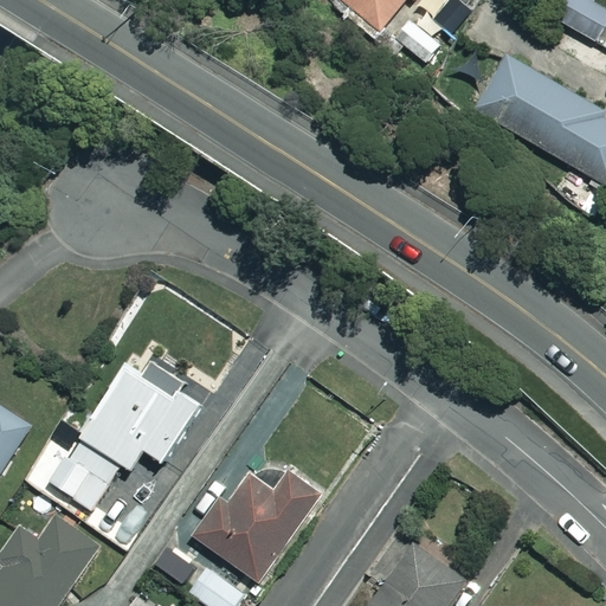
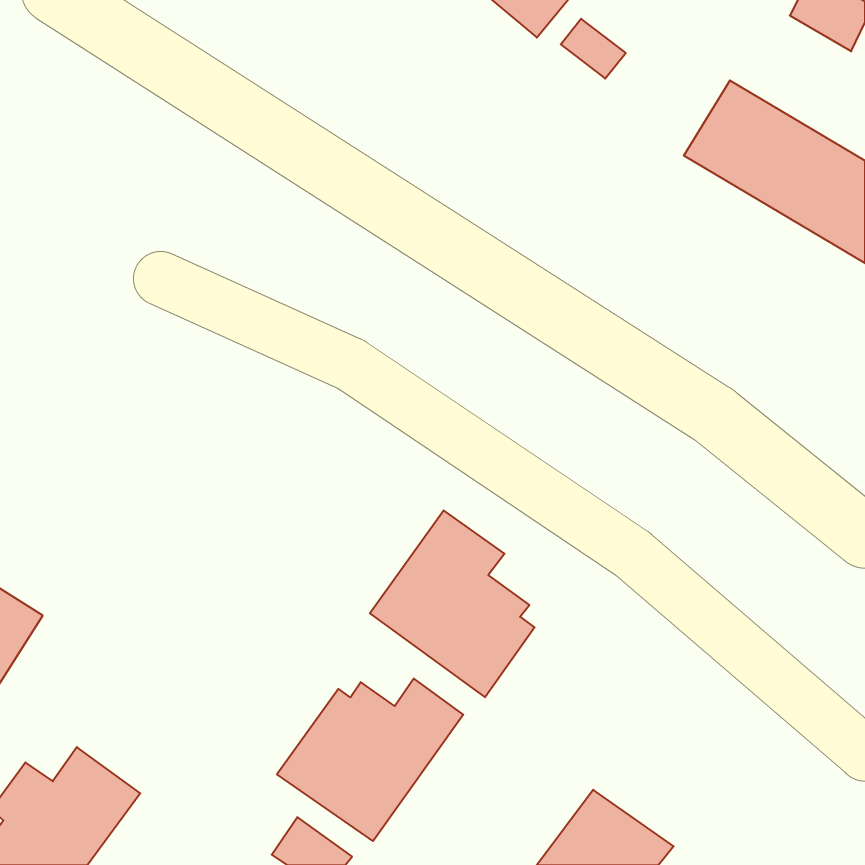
building: none -> [370,510,535,697]
building: [49,360,201,509] -> none

